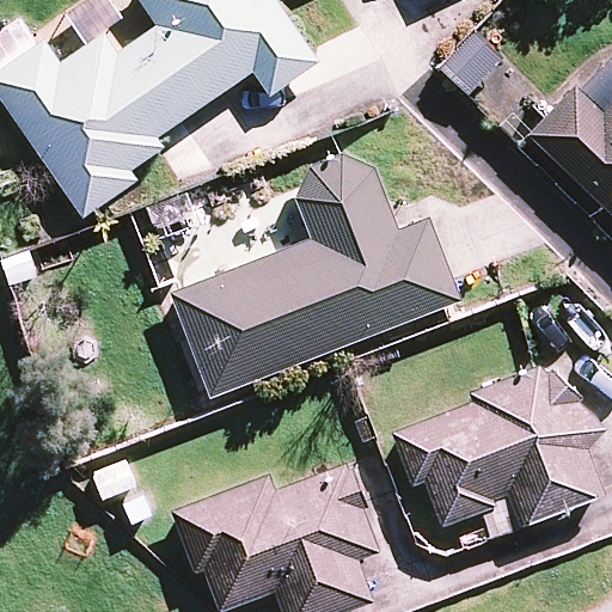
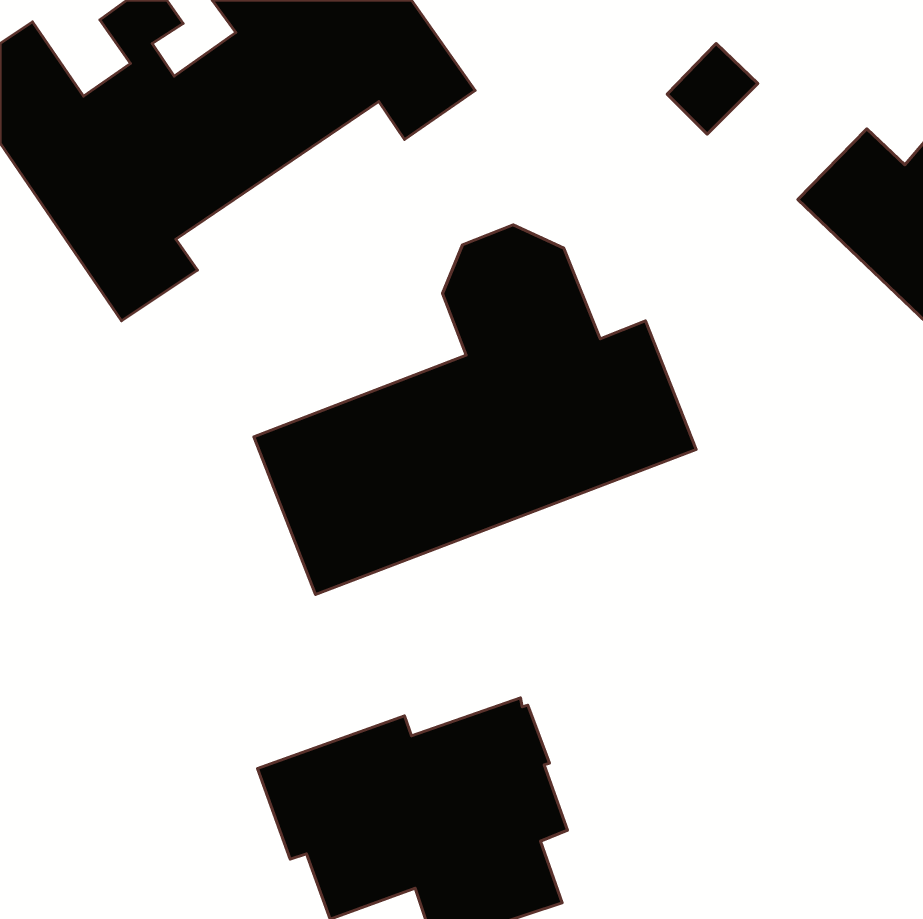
building: [391,362,601,538] -> none

